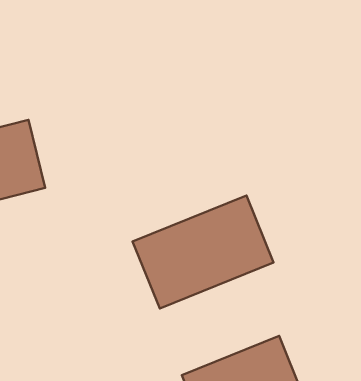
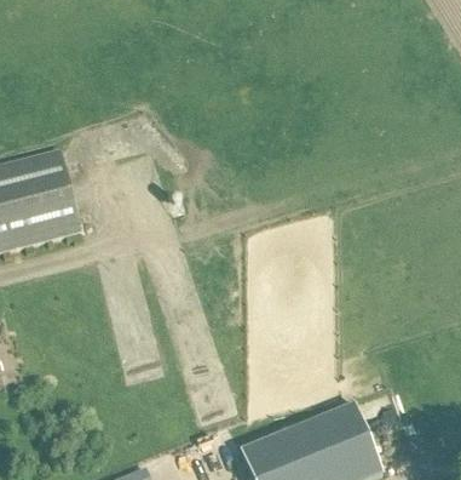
building: [133,195,274,308] -> none

